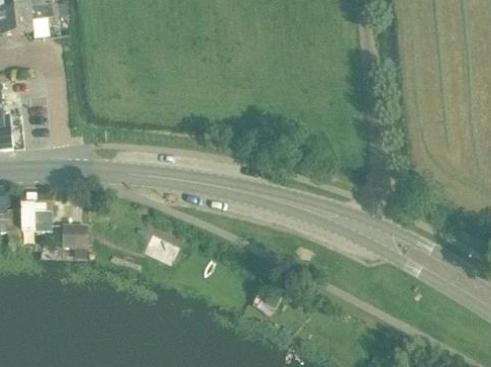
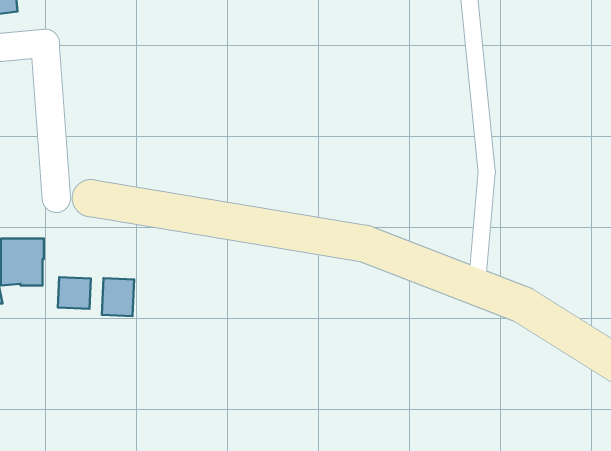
building: none -> [102,278,134,316]

